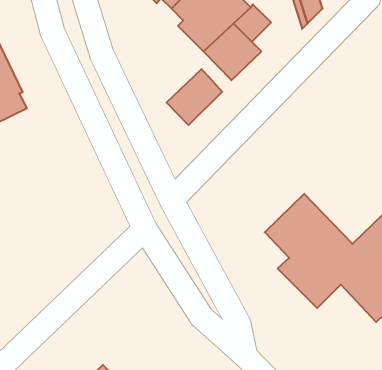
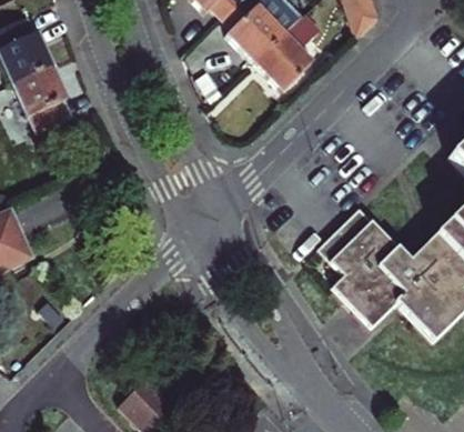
building: [167,69,222,125] -> none

